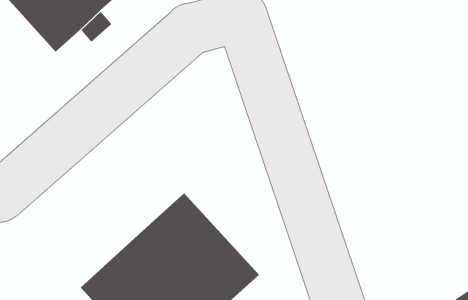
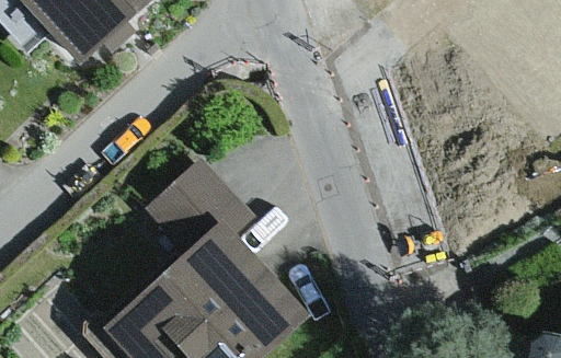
building: none -> [150,155,245,249]

